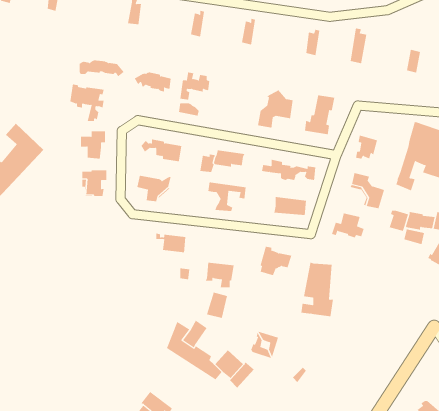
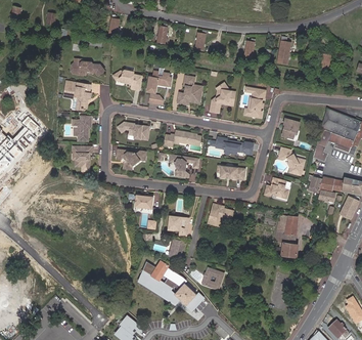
building: none -> [177,76,201,104]
building: [300,262,334,317] -> [272,215,298,257]

